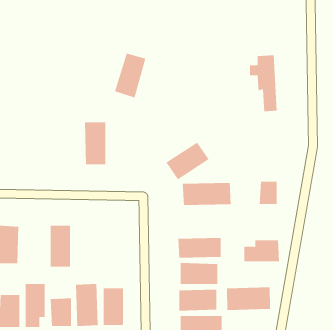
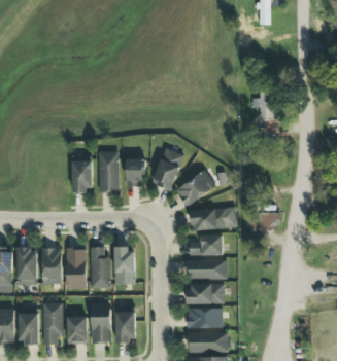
building: [114,53,146,98] -> [153,148,182,190]
building: none -> [126,158,143,186]
building: none -> [71,160,93,191]
building: none -> [90,246,109,288]
building: none -> [41,247,62,284]
building: none -> [113,247,135,284]
building: [244,240,280,262] -> [189,234,223,255]
building: [227,286,270,311] -> none

